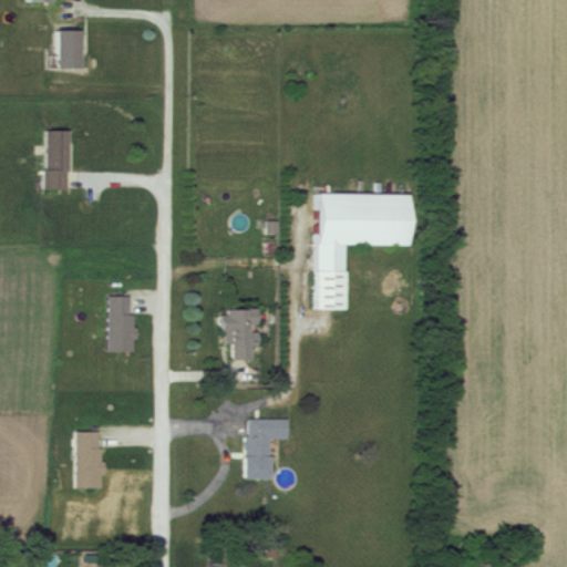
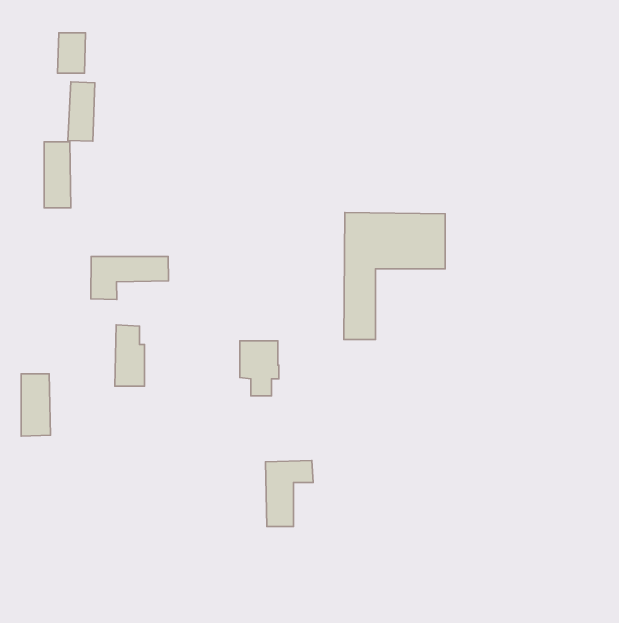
building: none -> [68,82,95,141]
building: none -> [91,256,169,299]
building: [78,432,104,488] -> [21,374,50,436]

